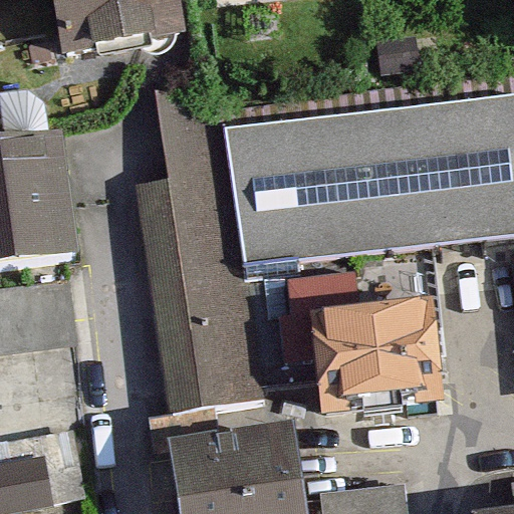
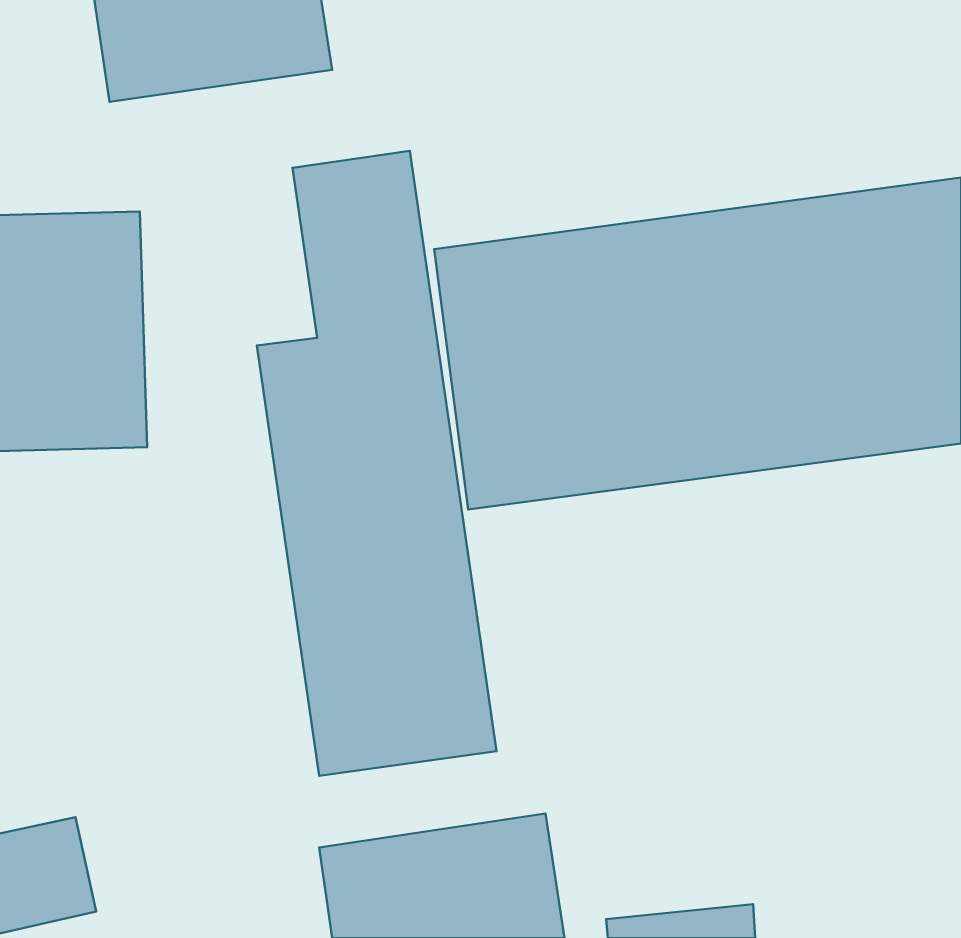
building: [285,278,444,422] -> none

